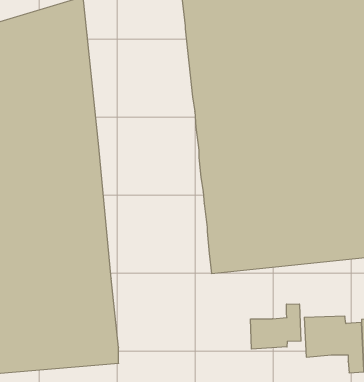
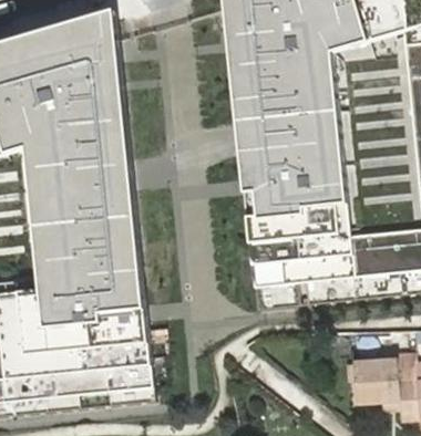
building: [251,304,301,349] -> none

